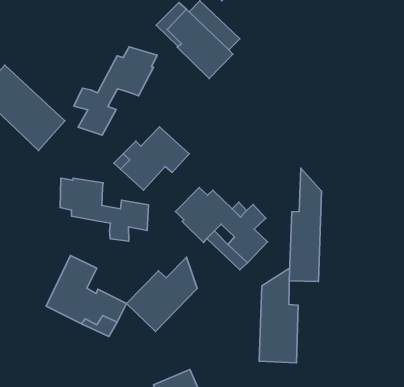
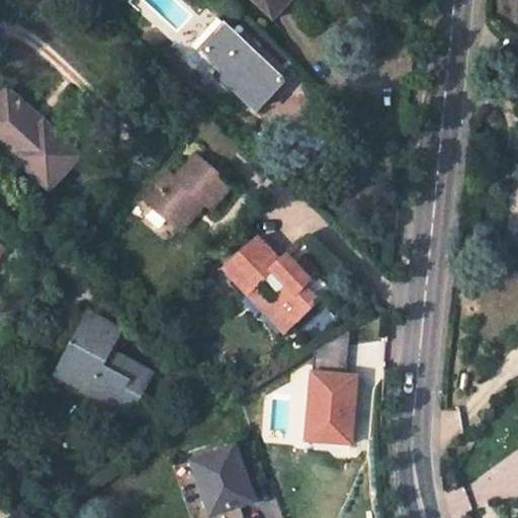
building: [74,47,157,135] -> none
building: [289,168,322,281] -> none
building: [60,178,148,241] -> none
building: [126,257,197,331] -> none

